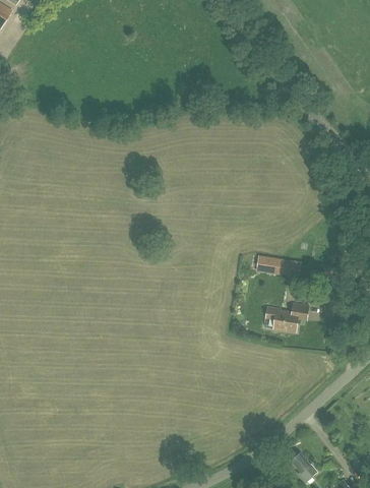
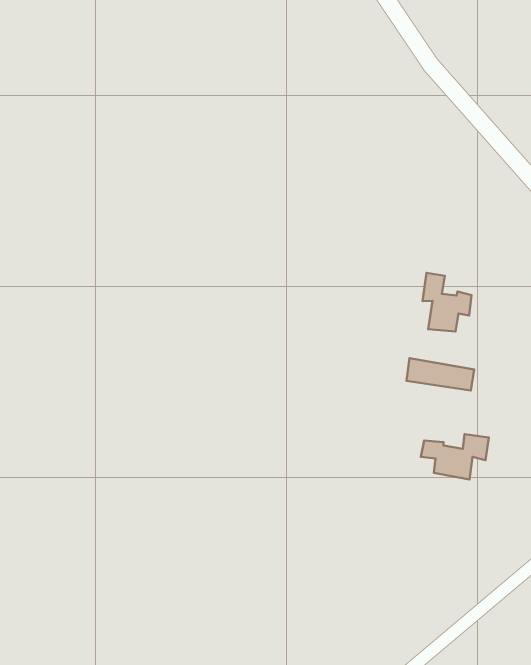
building: none -> [422,273,472,331]

